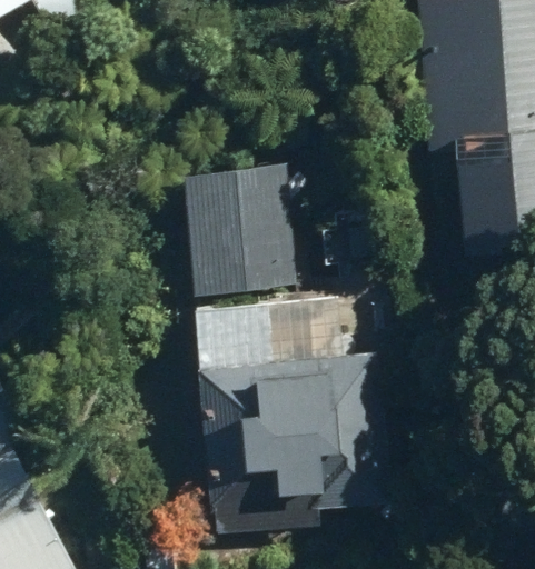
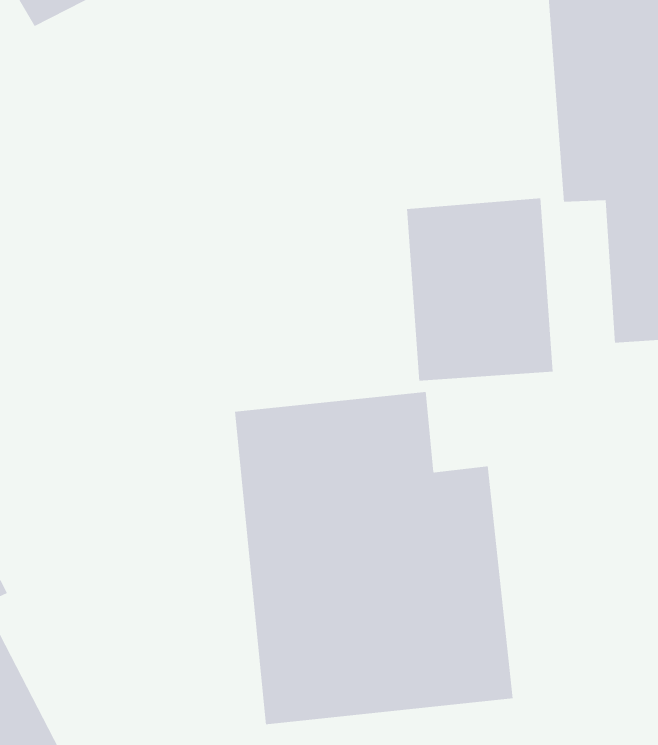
building: [188,160,294,291] -> [406,198,554,381]

